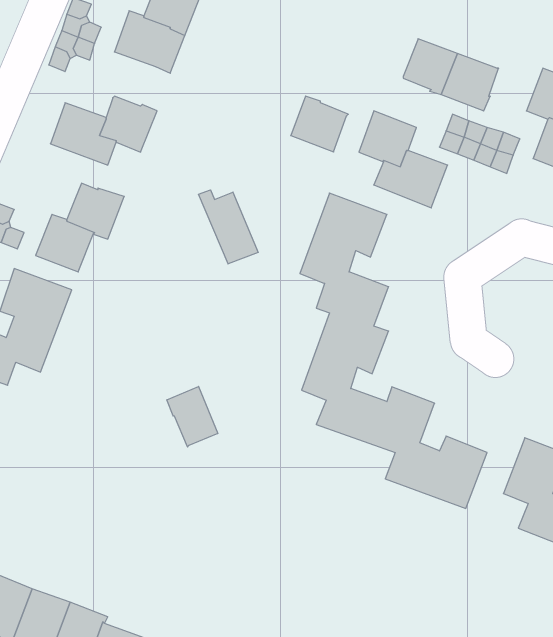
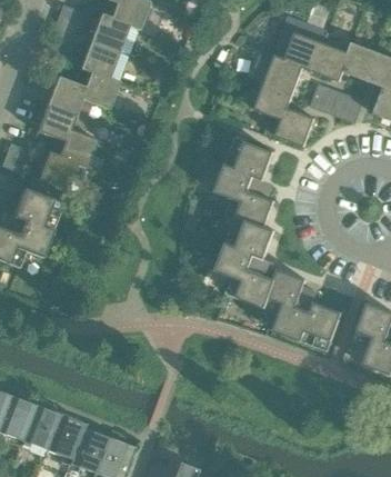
building: none -> [79,41,118,78]
building: none -> [343,42,380,81]
building: [291,96,348,152] -> [265,54,304,92]
building: none -> [37,103,86,141]
building: [199,190,258,264] -> none
building: [167,386,218,447] -> none

